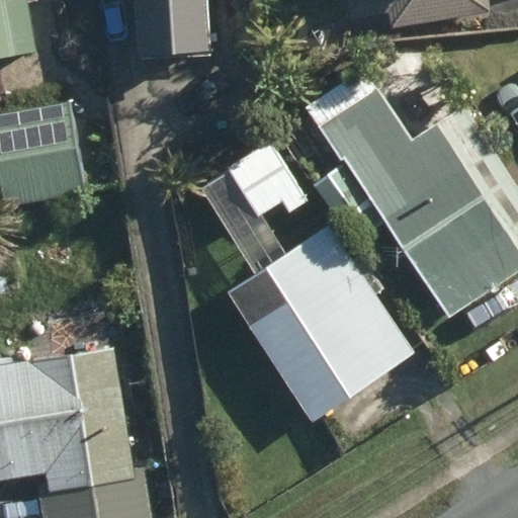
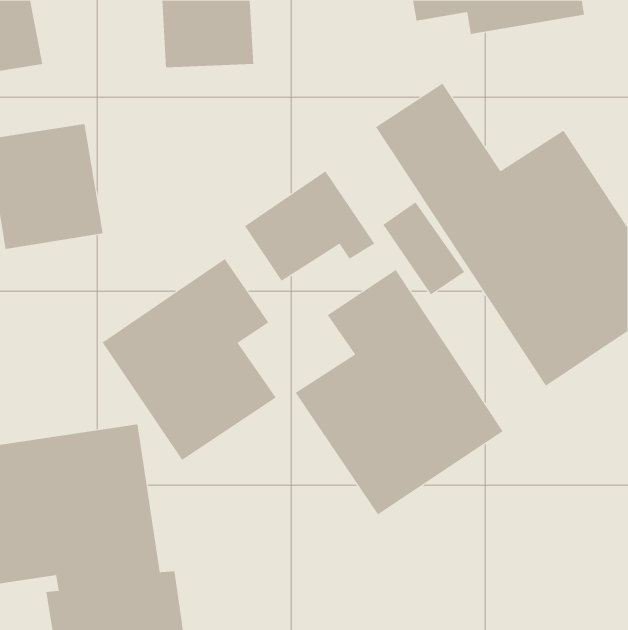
building: none -> [102,258,276,461]

